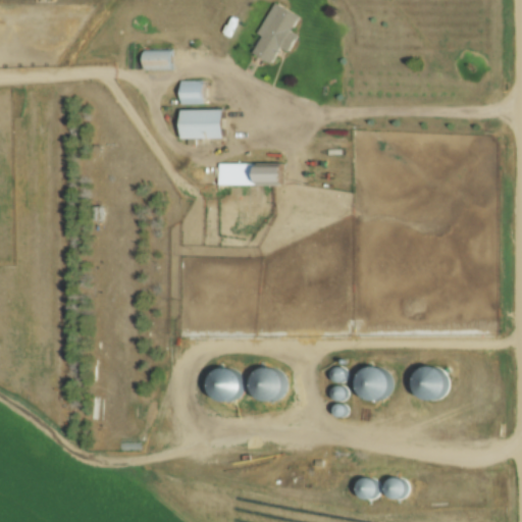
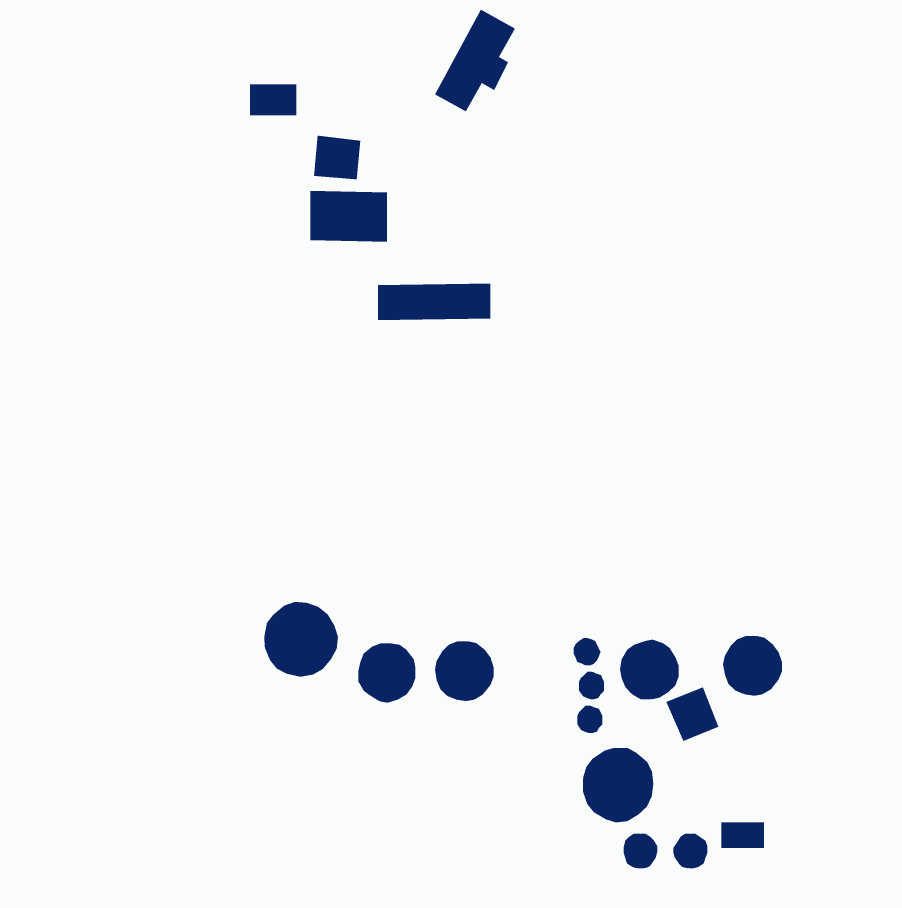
building: none -> [264,601,338,677]
building: none -> [666,687,719,742]
building: none -> [583,747,654,823]
building: none -> [721,822,764,849]

